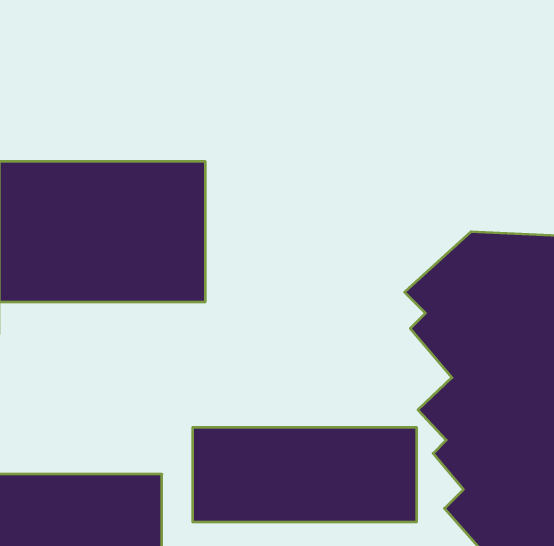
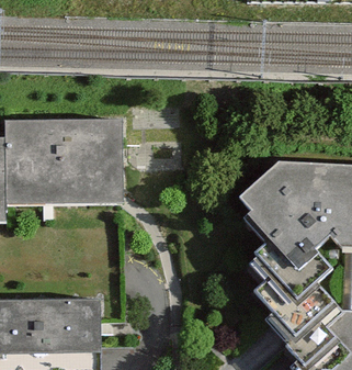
building: [193,427,416,522] -> none

